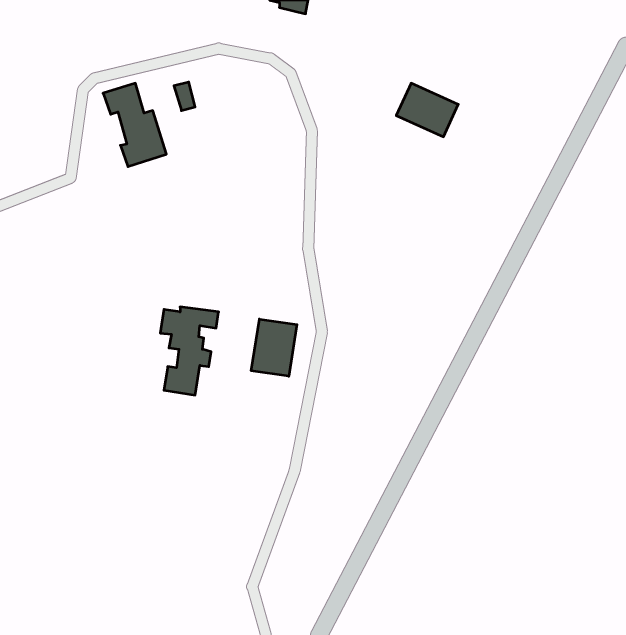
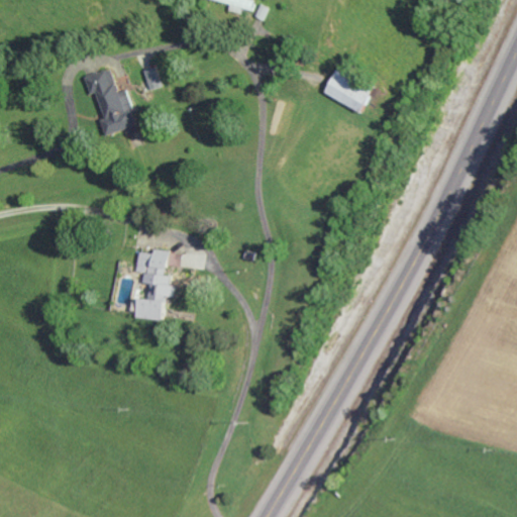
building: [251,319,297,376] -> none

